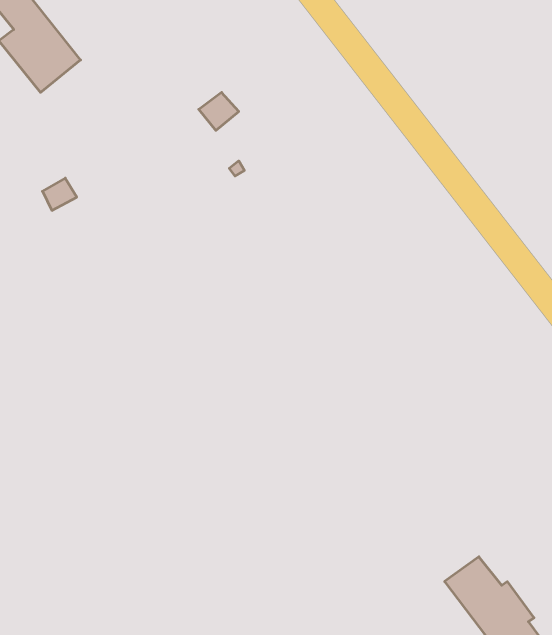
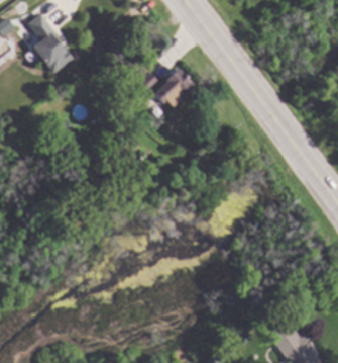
building: none -> [152,68,192,107]

